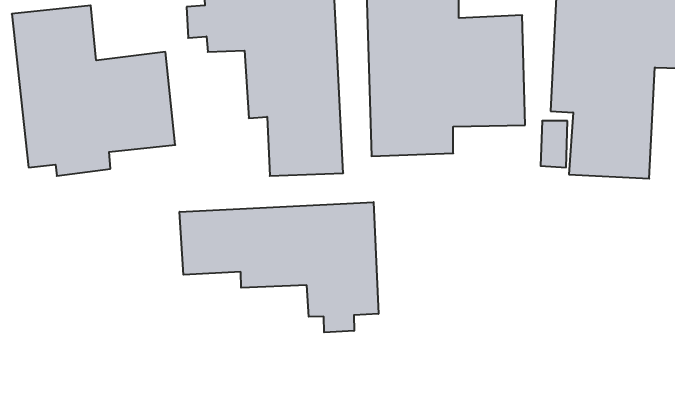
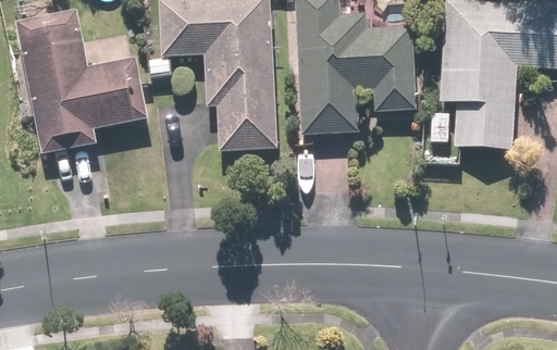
building: [180,202,378,332] -> none

